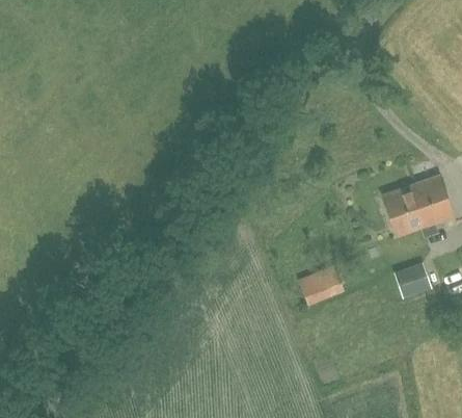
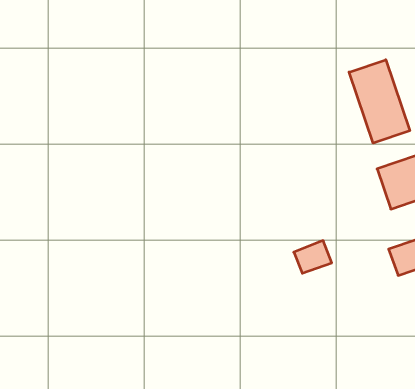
building: none -> [349,60,410,143]

